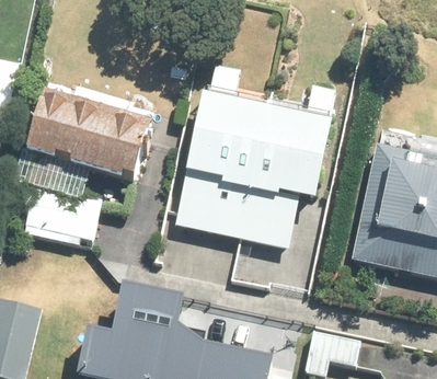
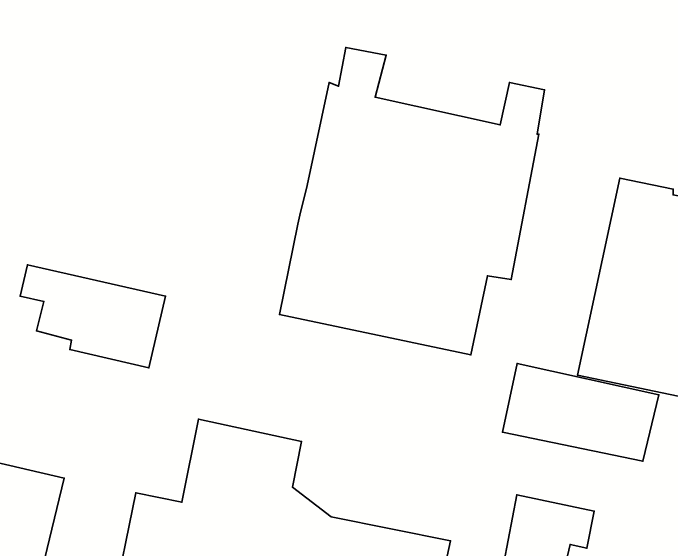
building: [32,79,154,190] -> none
building: none -> [503,364,659,461]

